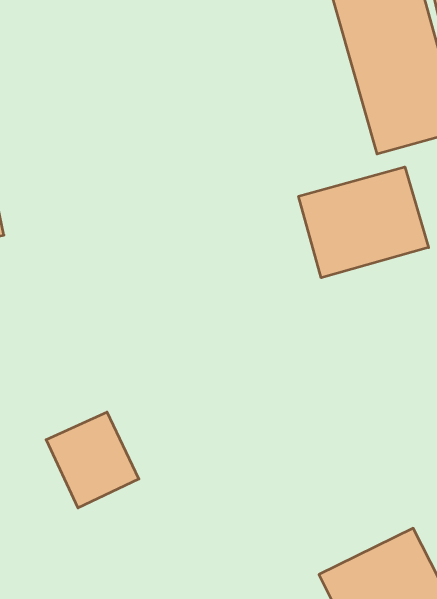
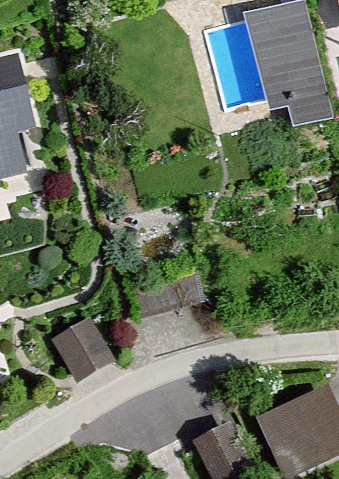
building: [299,167,429,278] -> none

